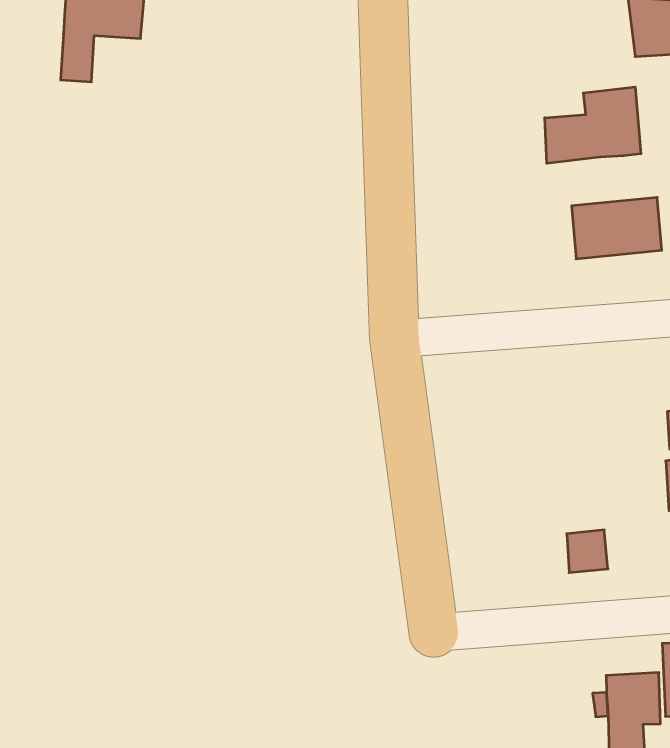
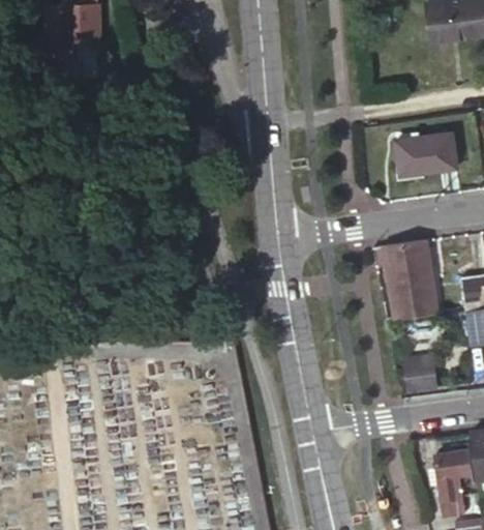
building: [545,87,641,163] -> none
building: none -> [380,239,440,319]

